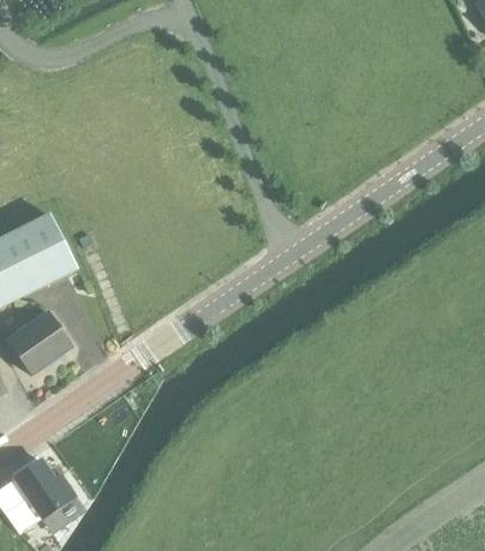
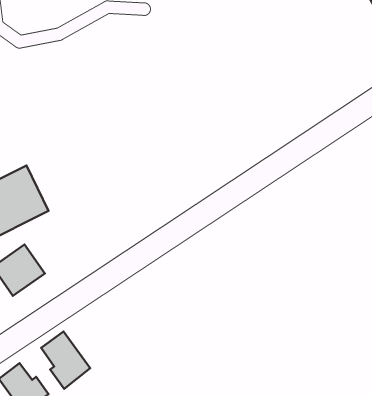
building: none -> [41,331,90,389]

